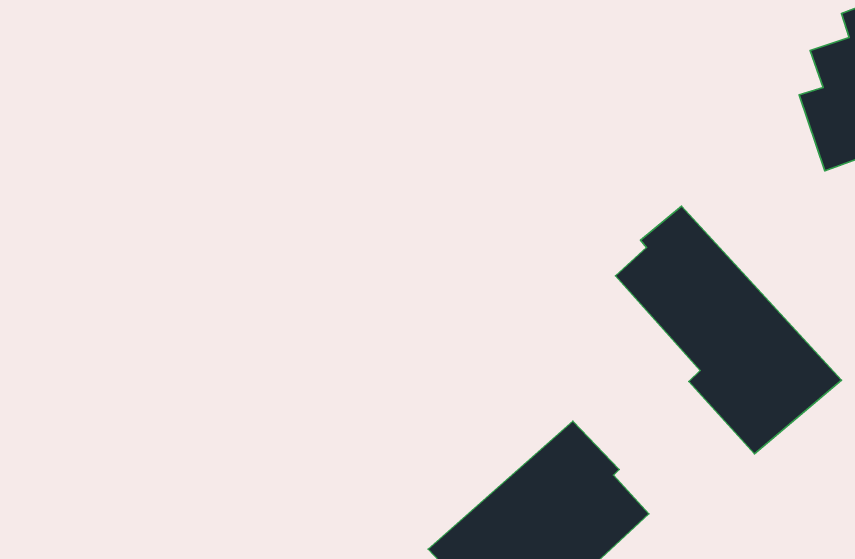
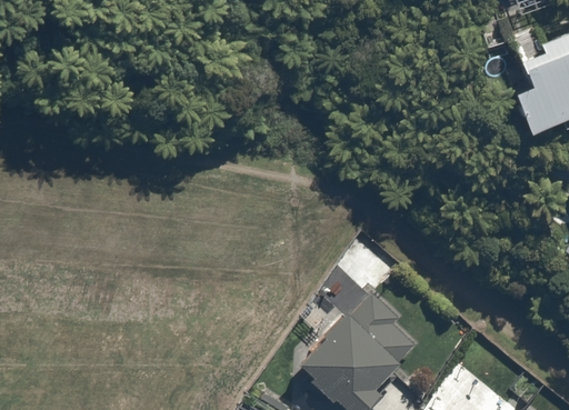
building: [616,206,842,454] -> none

